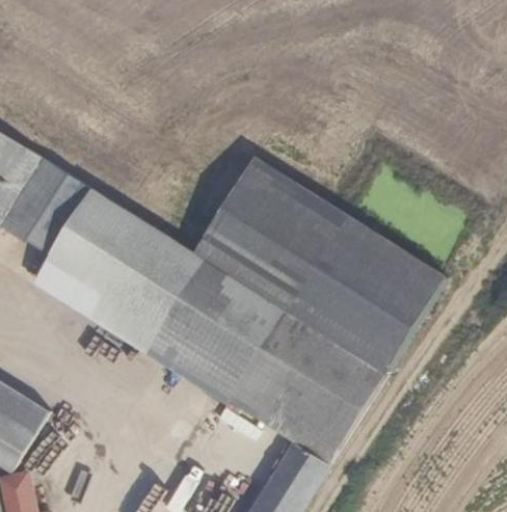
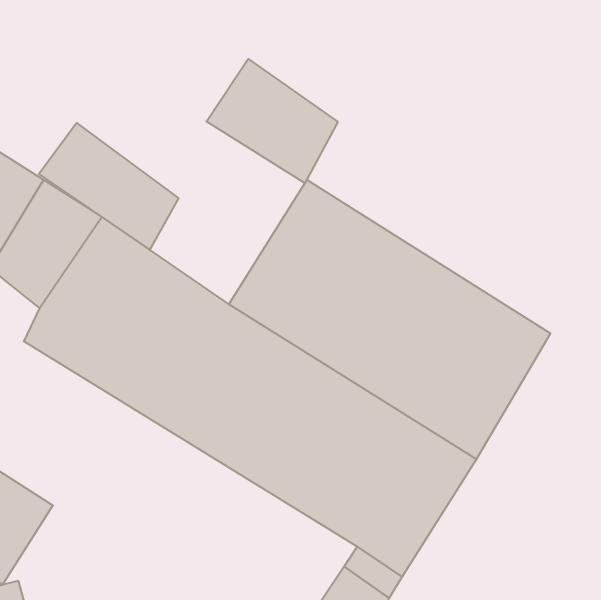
building: none -> [206,59,338,183]
building: none -> [39,123,178,250]

